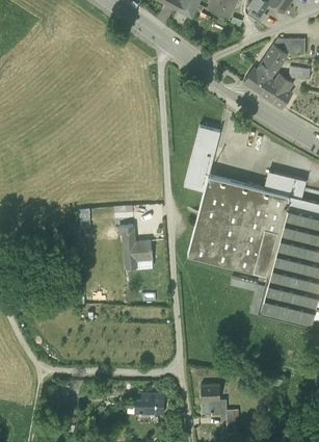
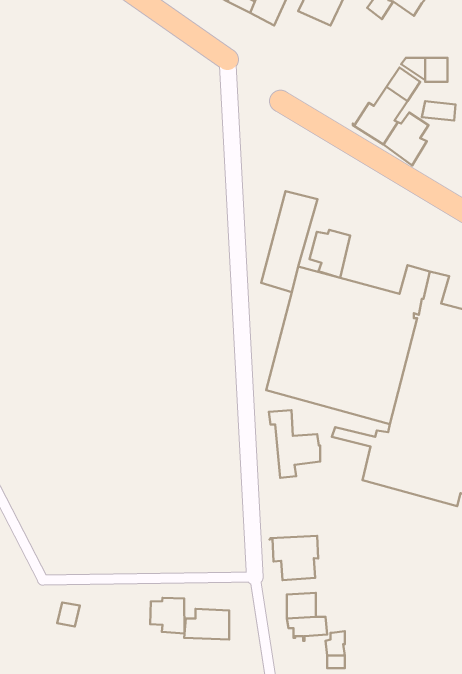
building: none -> [310,230,350,278]
building: [118,226,152,269] -> [269,410,320,478]
building: none -> [270,536,318,580]
building: none -> [150,598,185,633]

